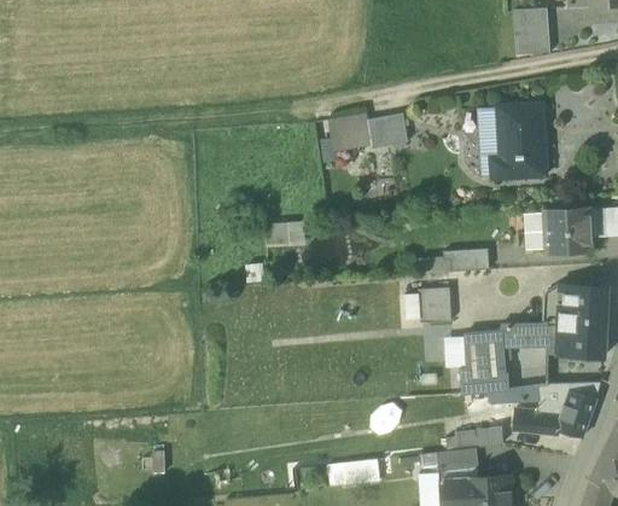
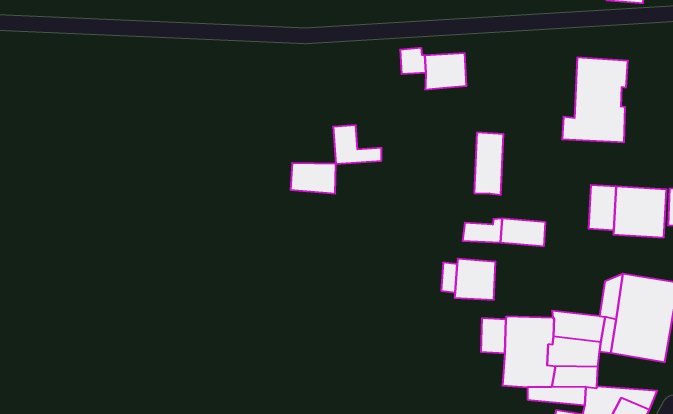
building: [477,106,503,159] -> [474,133,504,195]
building: [328,117,373,152] -> [333,125,382,164]

